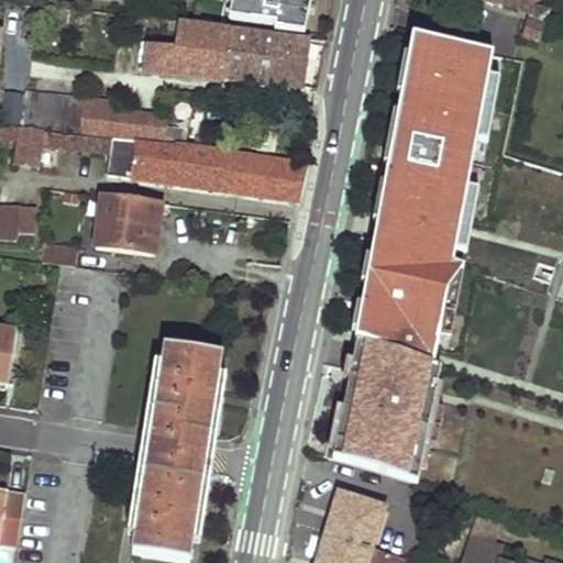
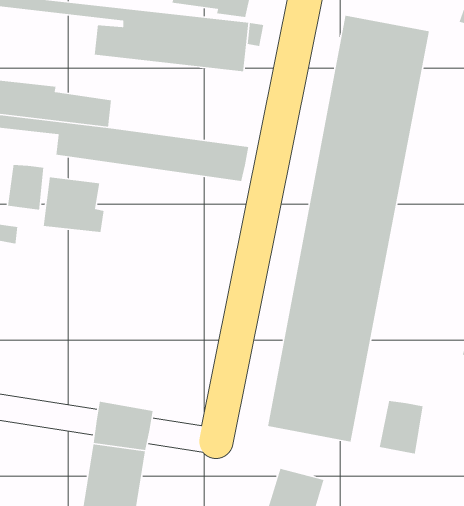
building: none -> [7,164,44,210]
building: [153,346,221,437] -> none
building: none -> [379,400,424,455]

